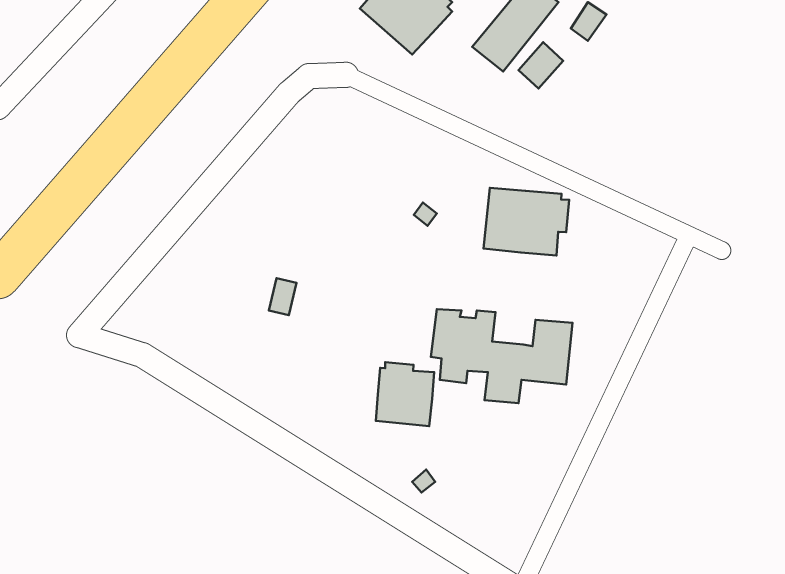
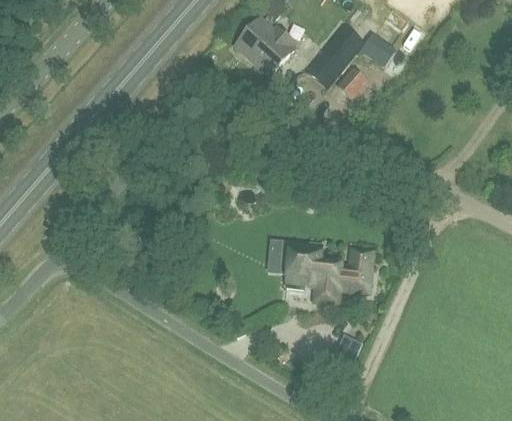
building: [484,188,569,256] -> none
building: [376,362,434,426] -> none

